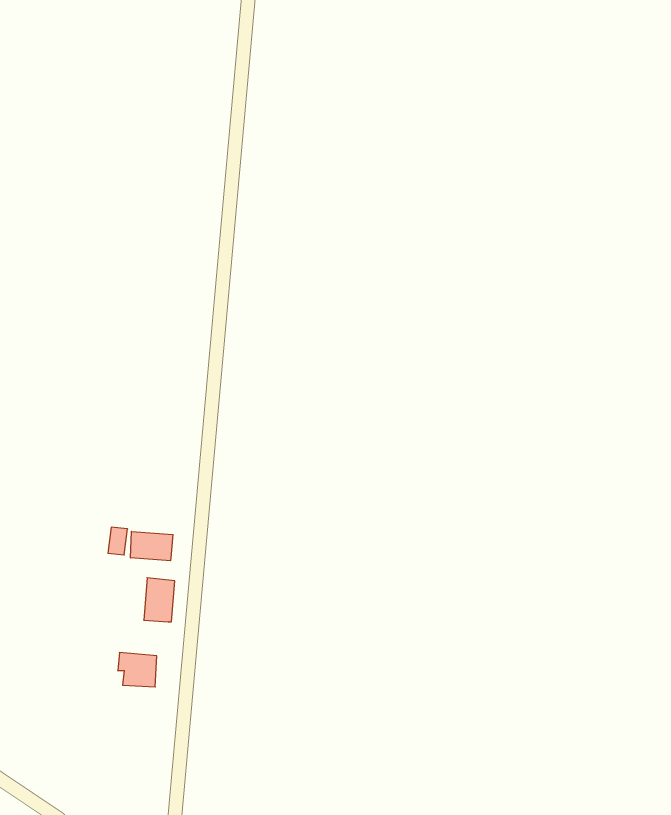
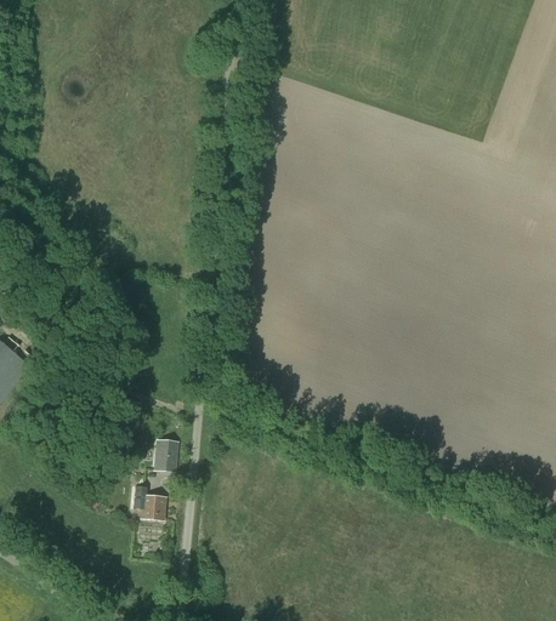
building: [131,531,173,561] -> none

